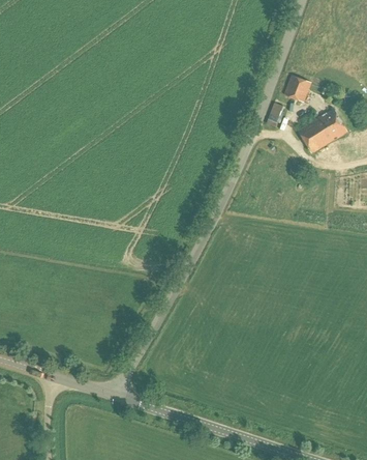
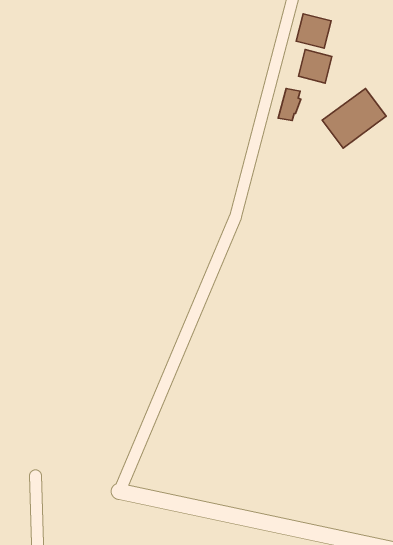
building: none -> [296,14,331,48]

